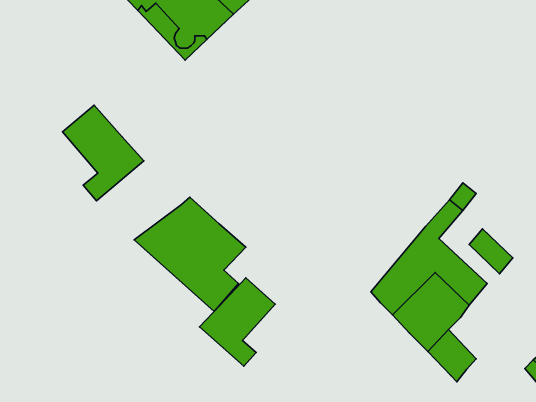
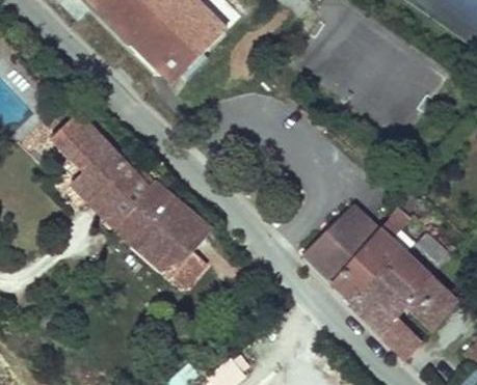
building: none -> [96,172,168,240]
building: none -> [299,203,377,284]
building: [200,278,275,366] -> none
building: none -> [407,277,455,328]

